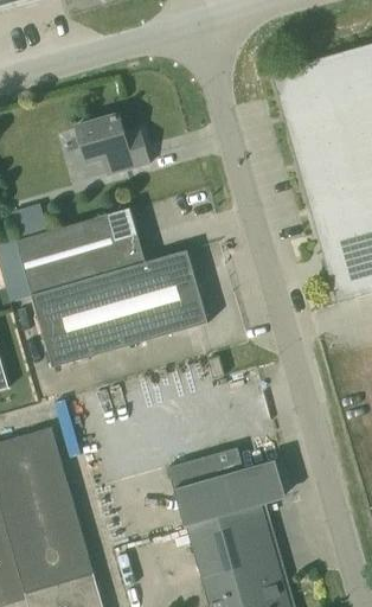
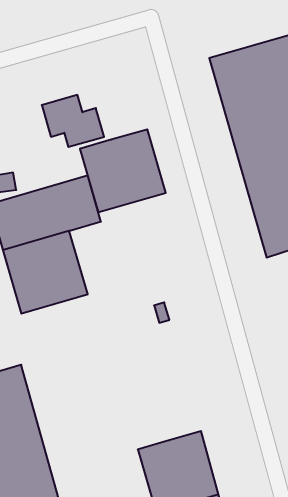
building: [108,250,207,346] -> [80,129,166,212]
building: [167,448,283,525] -> none

